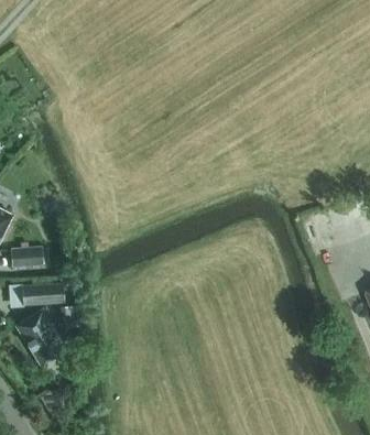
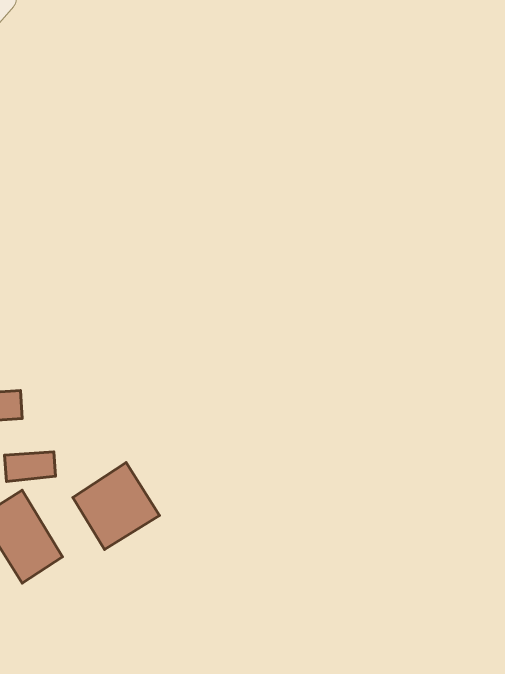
building: none -> [73,462,159,549]

